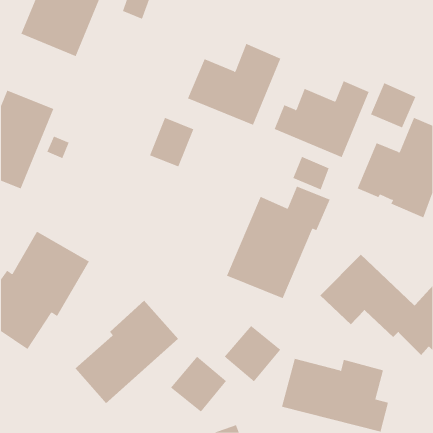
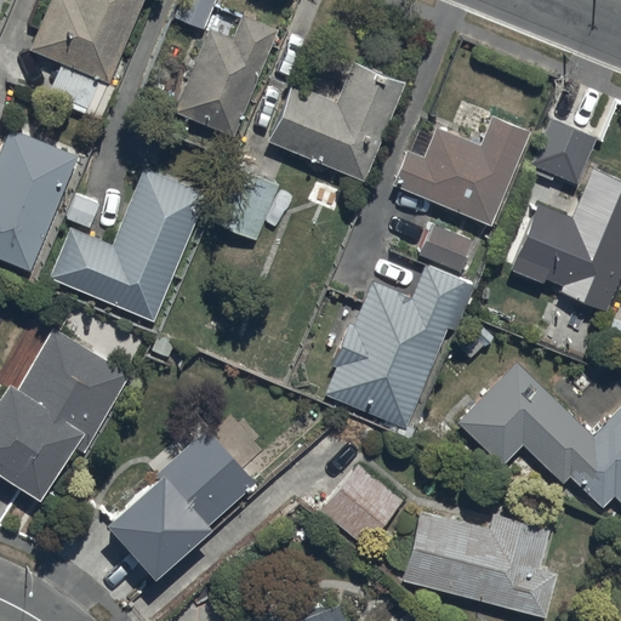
building: none -> [175,15,278,136]
building: none -> [49,167,206,321]
building: [170,356,227,412] -> none

